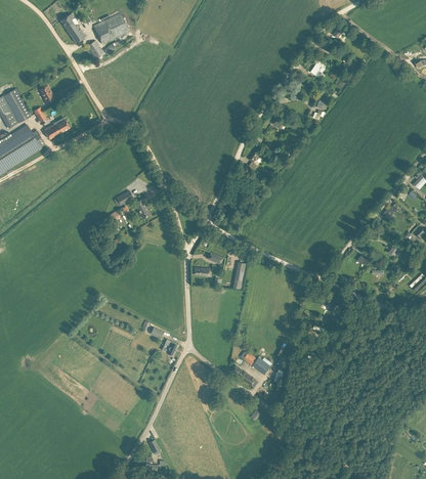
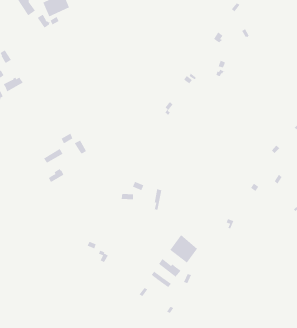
building: none -> [169,234,198,263]

